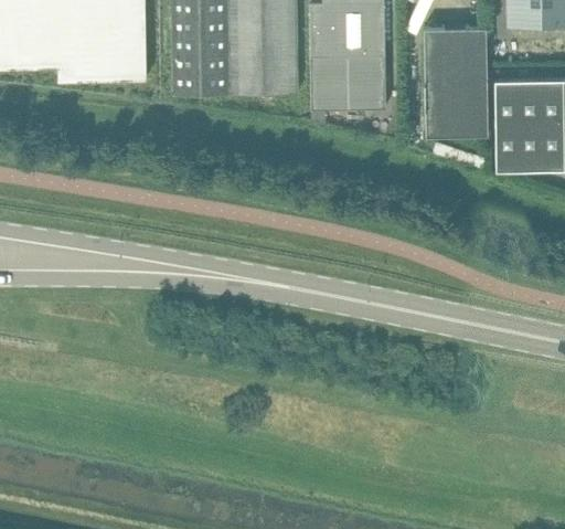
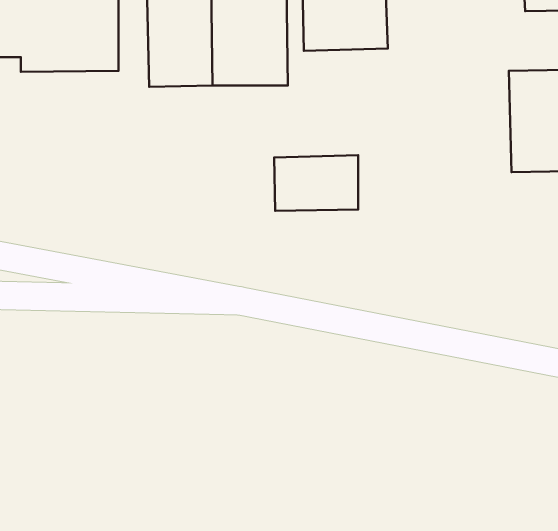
building: [425,27,488,136] -> none
building: [311,60,386,109] -> [274,155,358,211]

